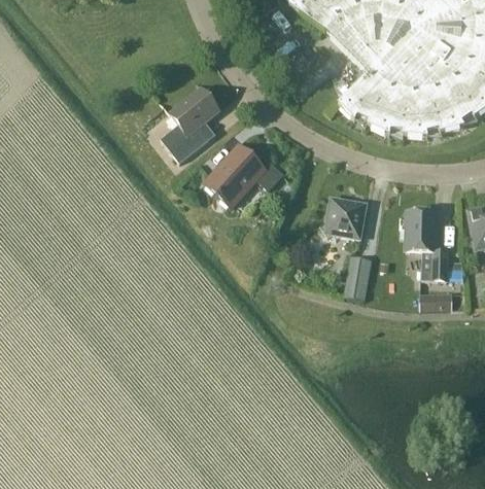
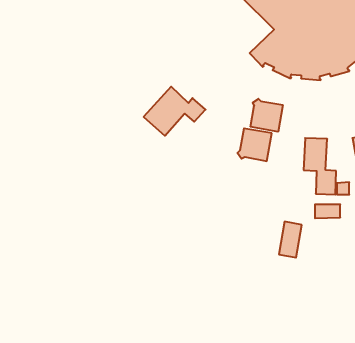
building: [160,88,218,162] -> none
building: none -> [251,99,283,132]
building: [343,254,372,300] -> [279,222,302,258]

